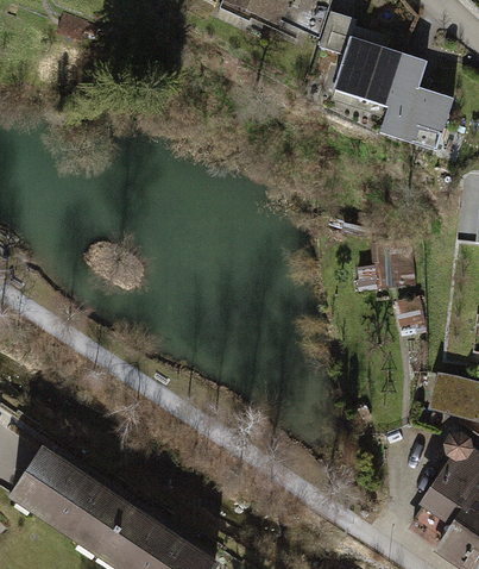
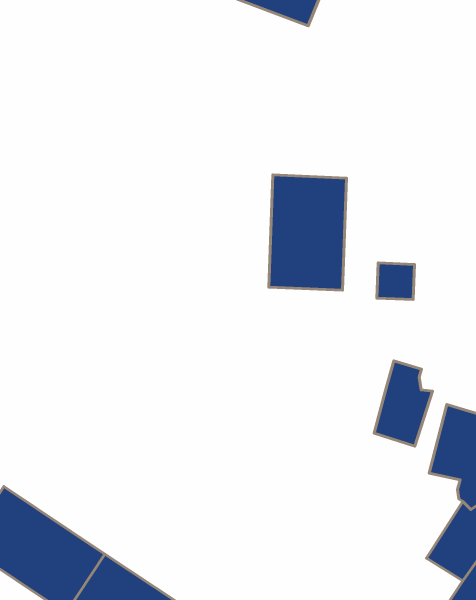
building: [329,37,446,146] -> none
building: none -> [269,175,346,290]
building: none -> [374,361,432,446]

